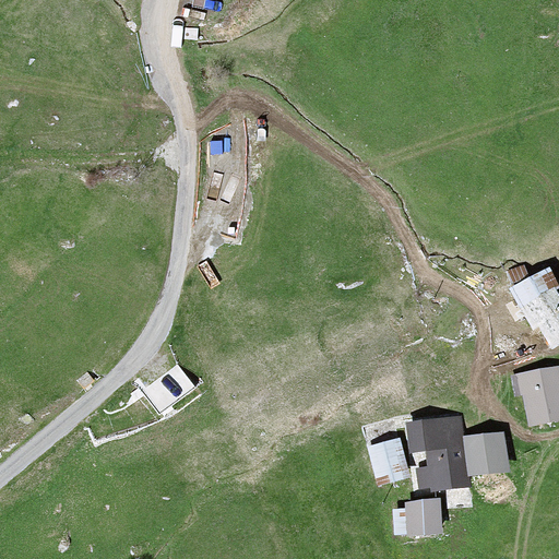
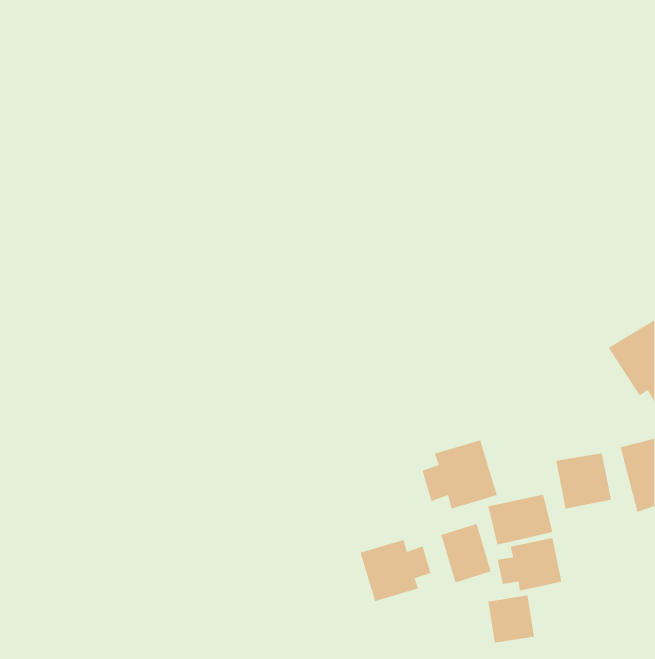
building: none -> [422,439,498,509]
building: [464,428,511,475] -> [556,453,612,509]
building: none -> [360,539,431,602]

